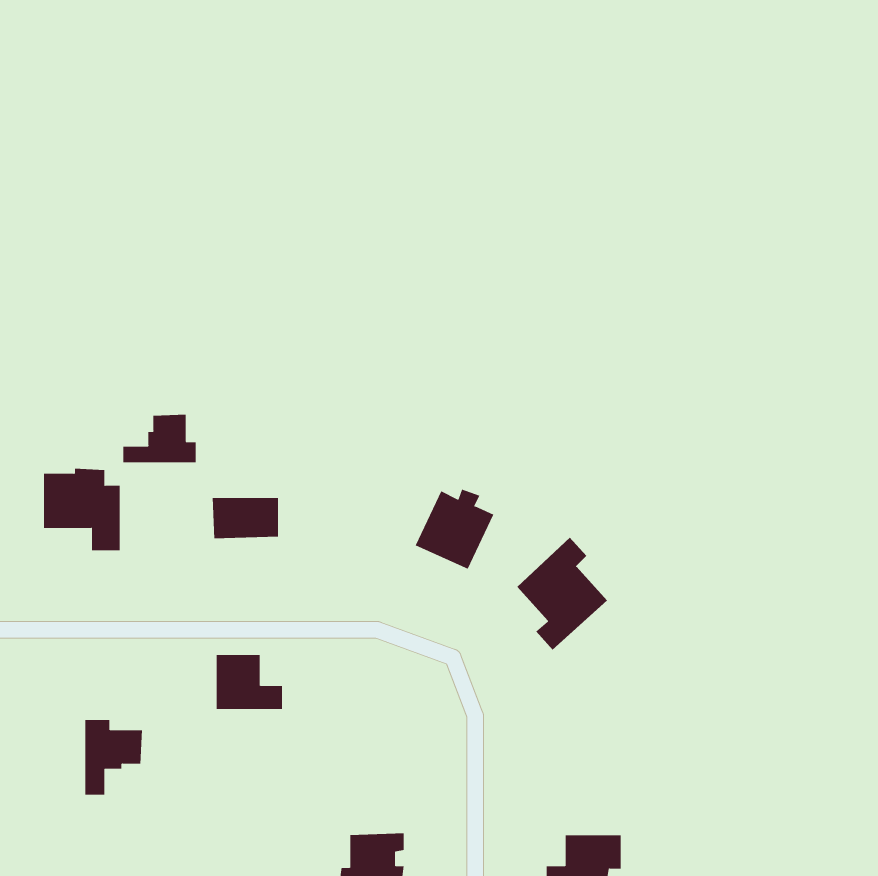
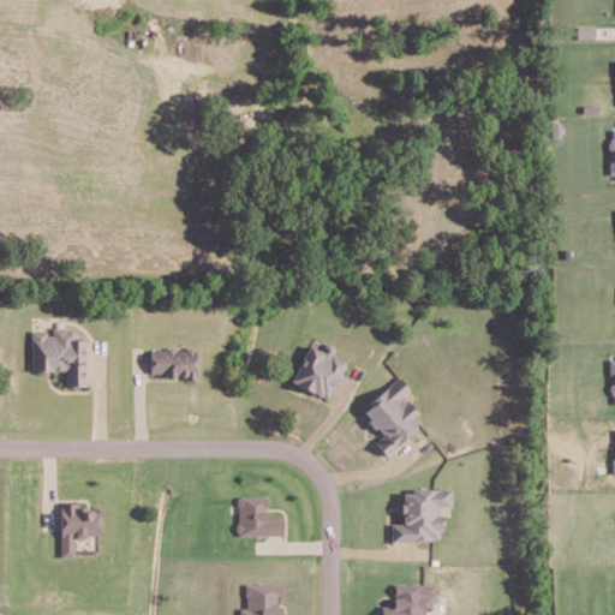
building: [123,414,196,463] -> none
building: [216,654,283,709] -> [237,497,283,536]
building: none -> [392,490,454,542]

